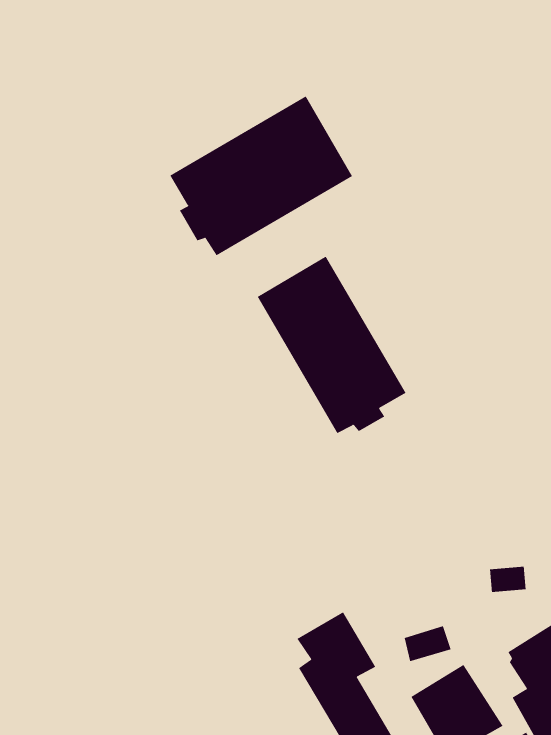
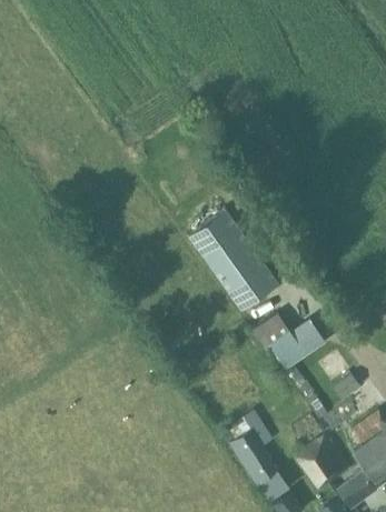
building: [169,95,353,256] -> none
building: none -> [253,309,333,371]

